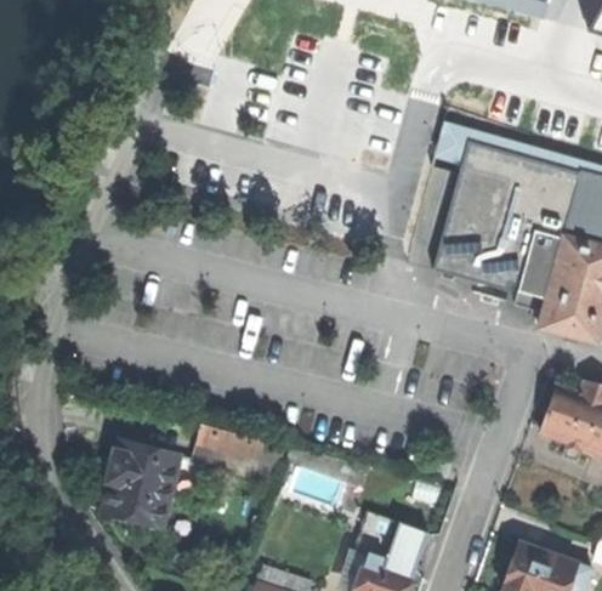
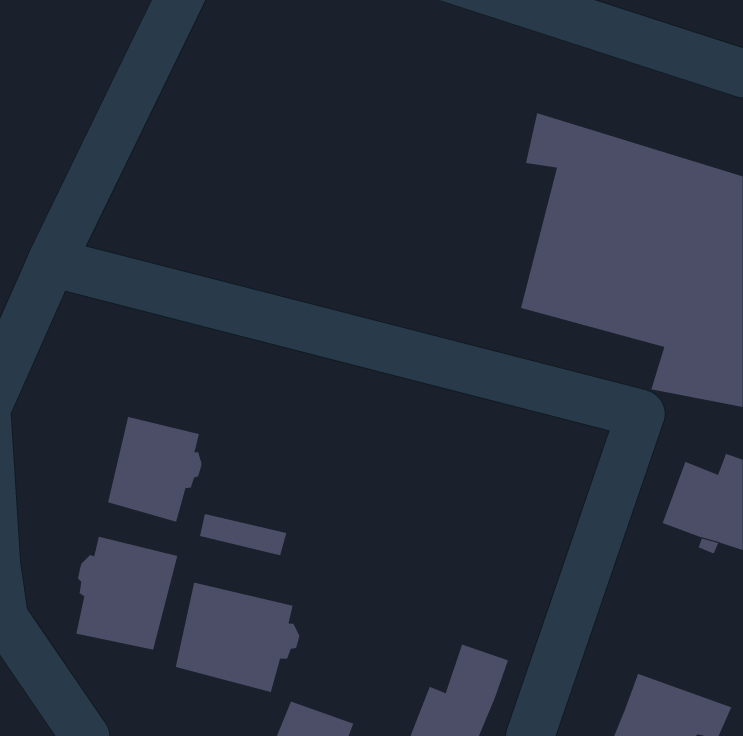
building: none -> [108,416,202,523]
building: none -> [175,582,300,693]

